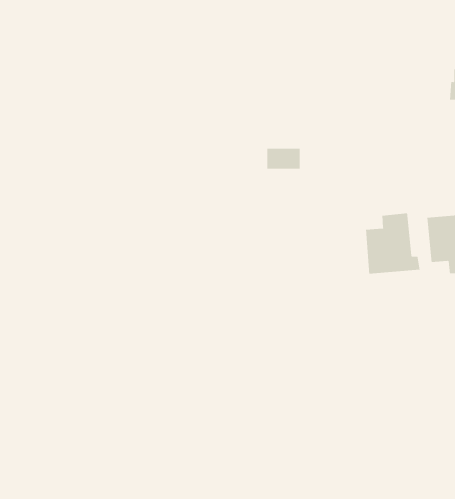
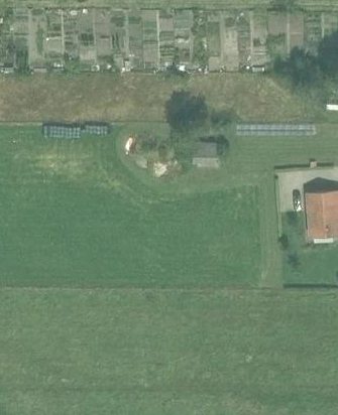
building: [365,212,420,274] -> none

